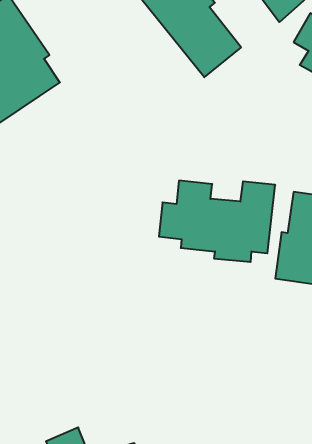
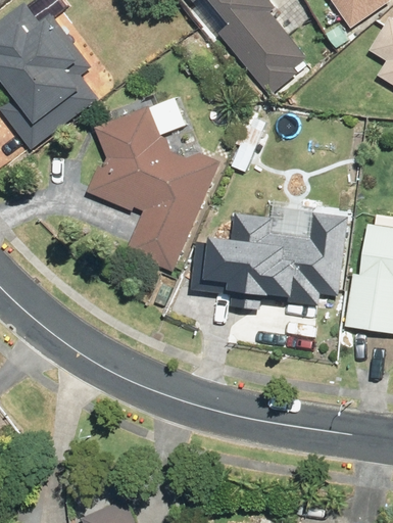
building: none -> [87,96,218,280]

